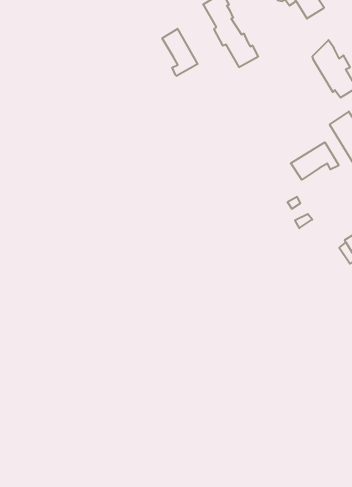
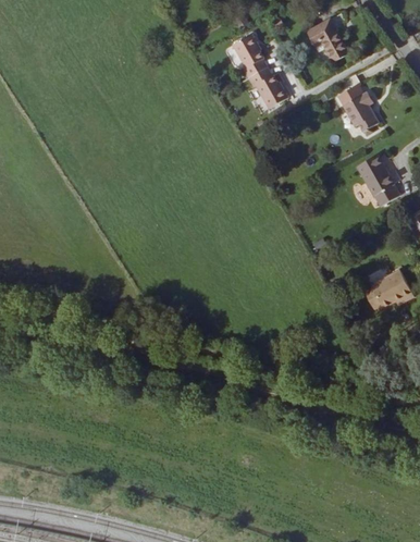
building: [162,29,198,76] -> none
building: [291,142,339,180] -> none

